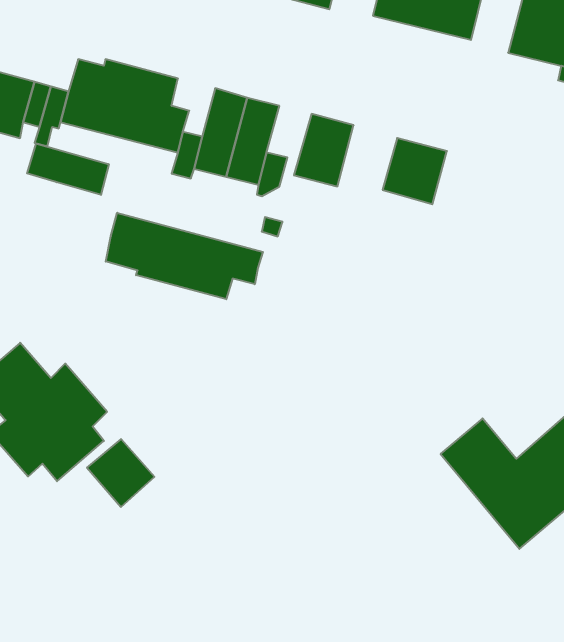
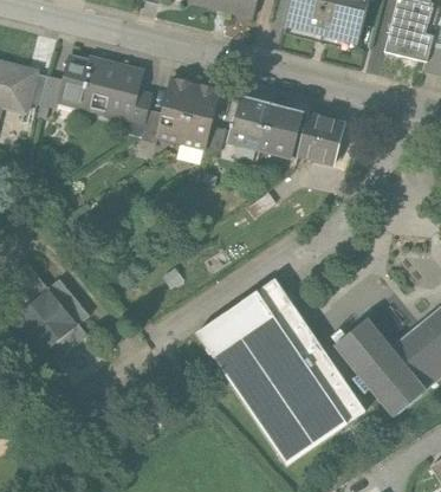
building: none -> [260,104,304,158]
building: [27,143,109,195] -> none
building: [106,213,263,299] -> none
building: none -> [196,279,367,465]
building: [87,439,154,507] -> none

